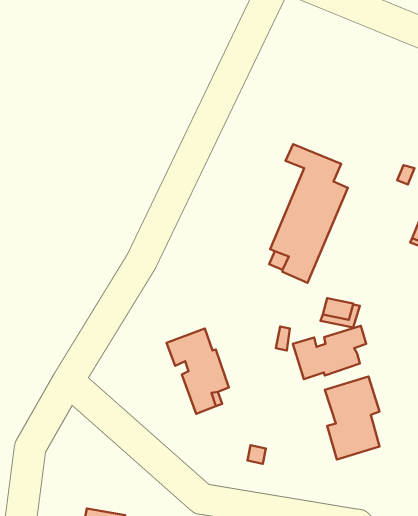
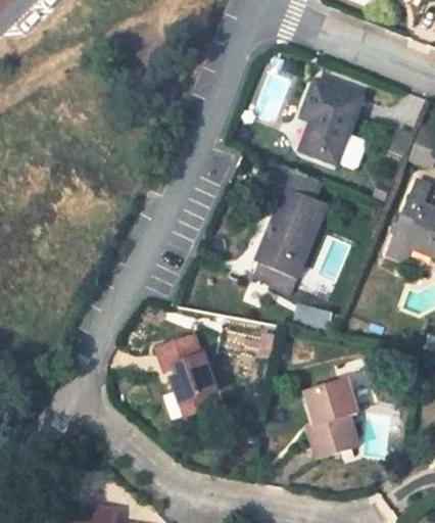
building: none -> [302,80,361,163]
building: [293,326,366,379] -> none

